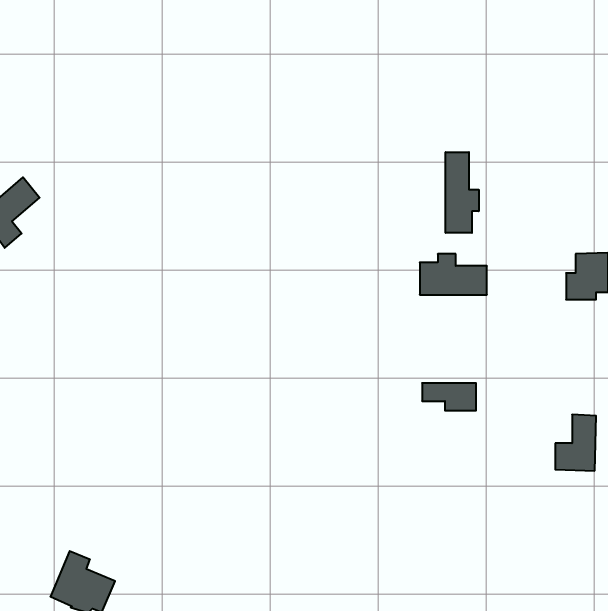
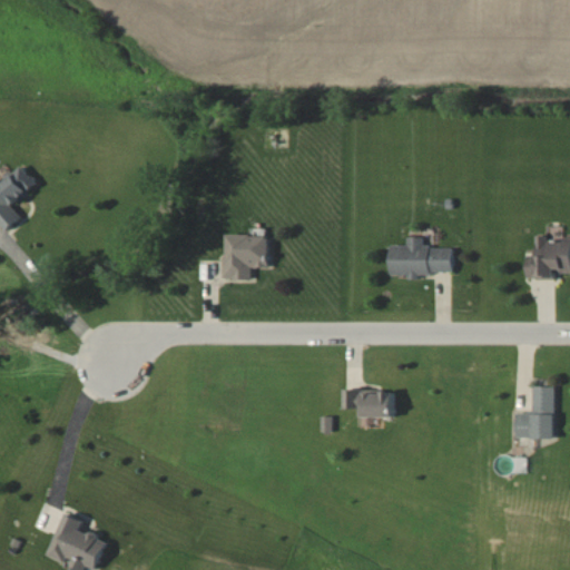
building: [446,152,479,233] -> none
building: none -> [224,235,268,281]
building: [422,383,476,411] -> [342,392,392,417]

